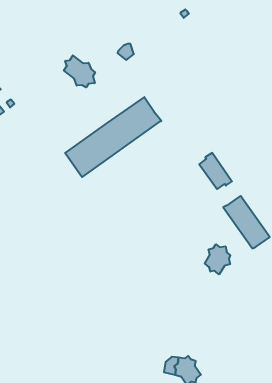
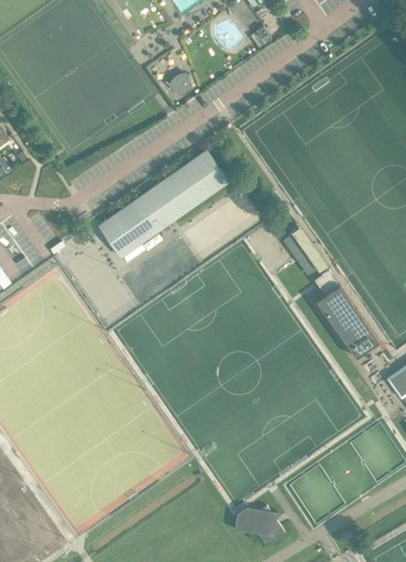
building: [64,55,95,87] -> none
building: [205,244,230,274] -> none

